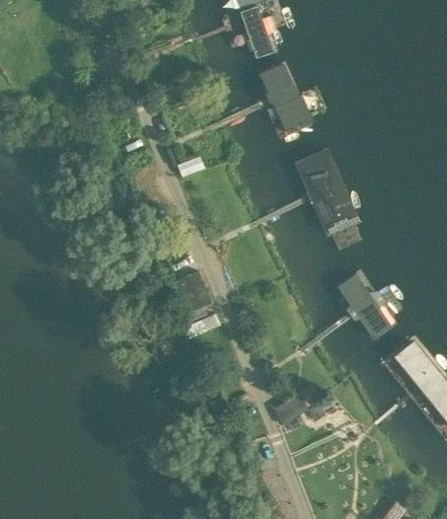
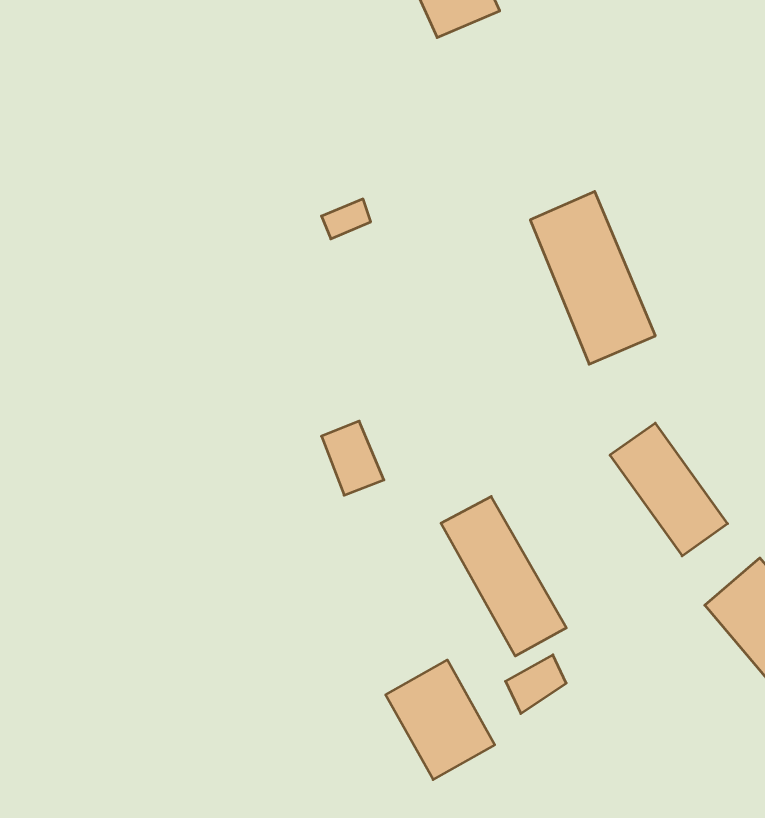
building: [255,58,318,140] -> none
building: none -> [441,496,566,656]
building: none -> [386,660,495,780]

